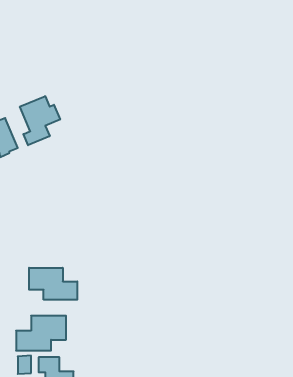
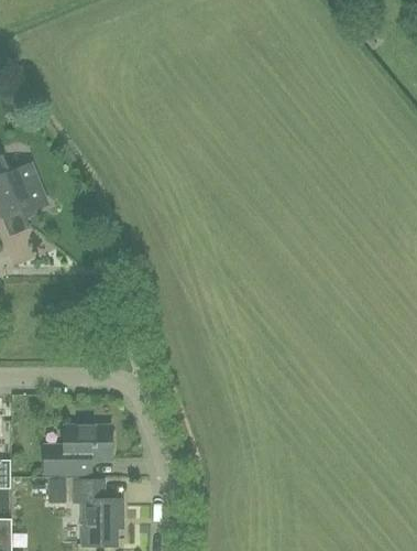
building: [20,96,60,145] -> none
building: [29,268,77,300] -> none

